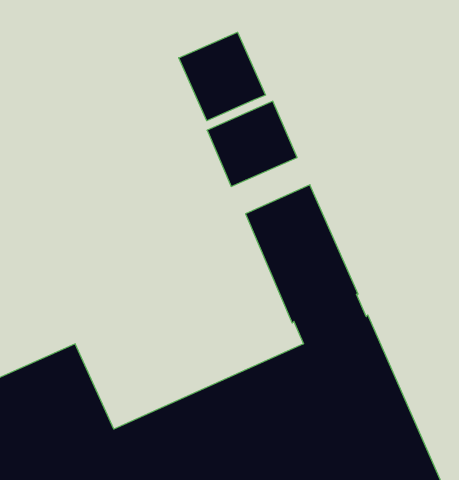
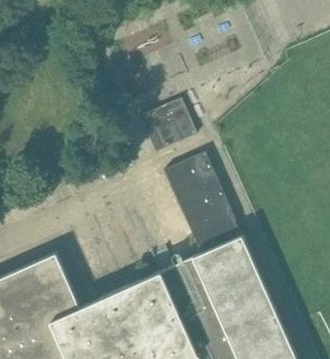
building: [179,32,266,121] -> none

